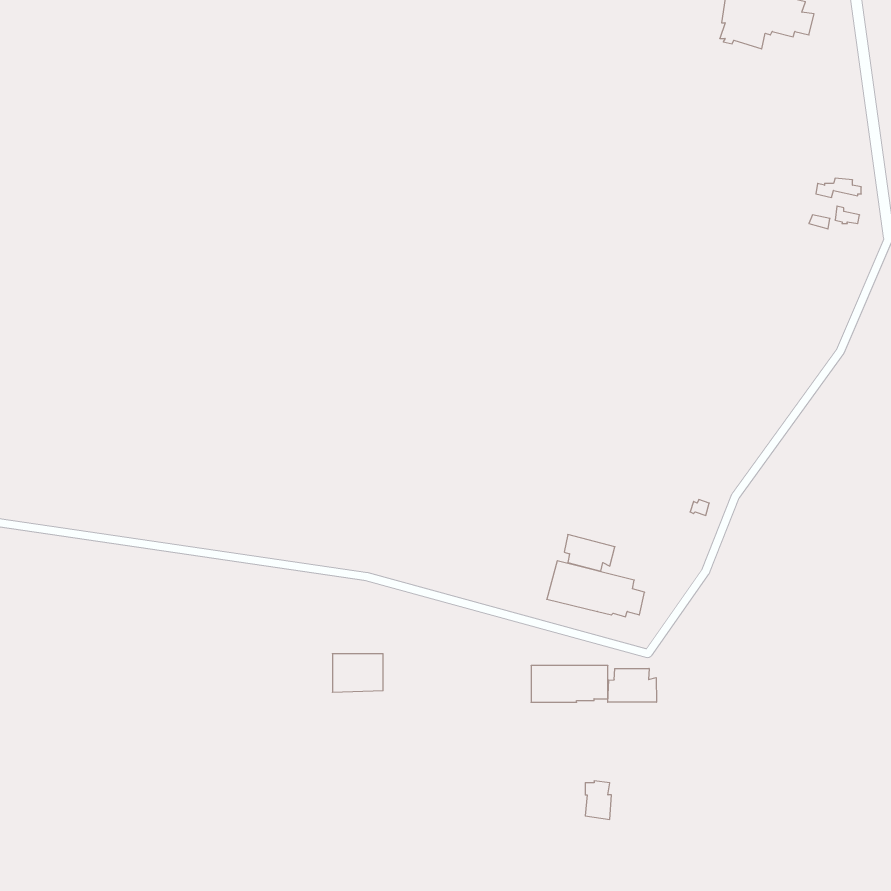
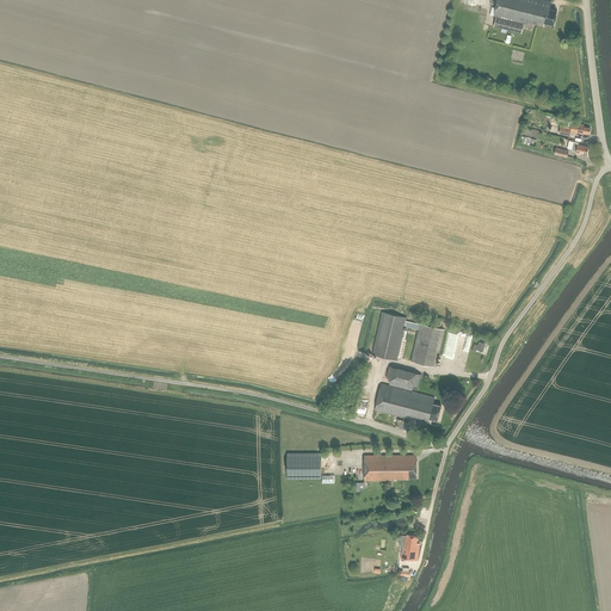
building: none -> [370,310,444,366]
building: [332,654,383,692] -> [285,452,320,479]
building: [608,668,656,702] -> none

